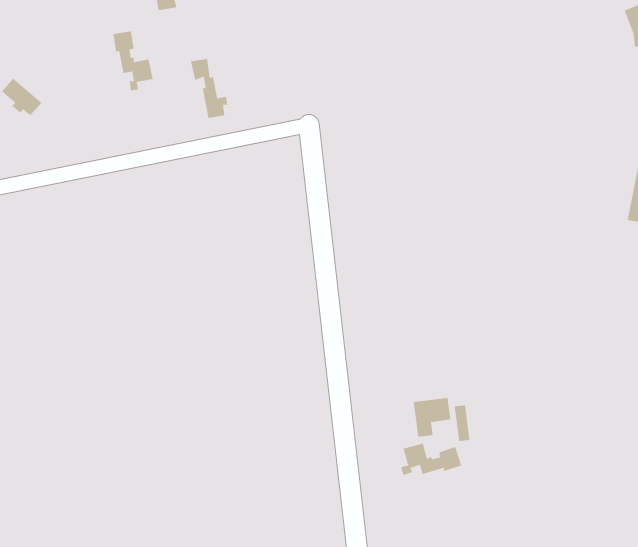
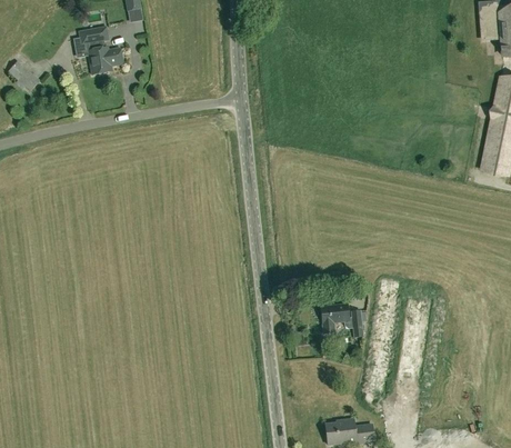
building: [190,58,228,118] -> [79,28,108,73]
building: [400,443,462,476] -> none

